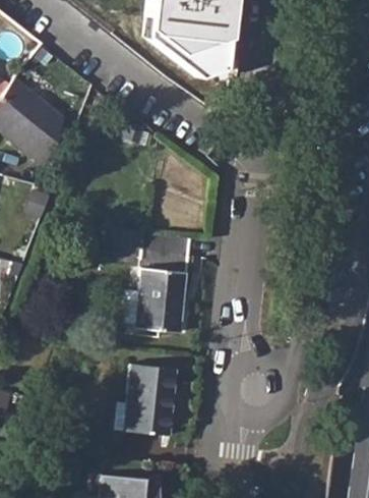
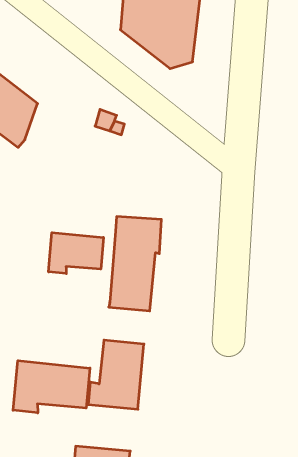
building: none -> [49,233,103,274]
building: none -> [13,361,90,413]

